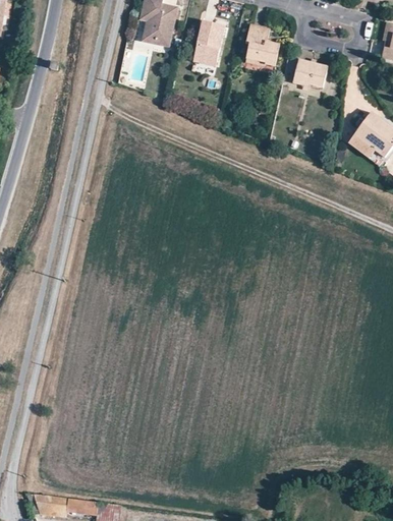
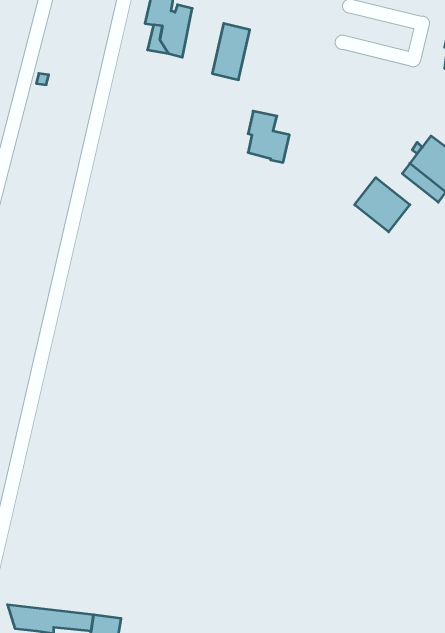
building: [246,24,280,66] -> [248,111,289,162]
building: [293,59,328,86] -> none
building: none -> [355,178,410,232]

